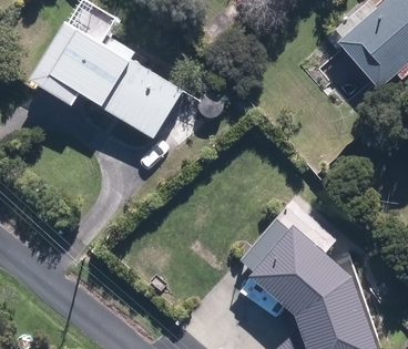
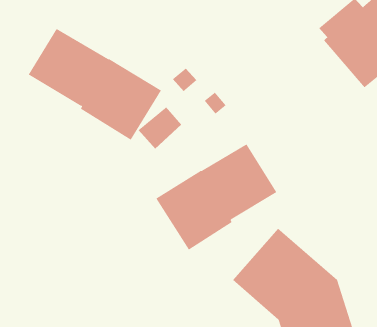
building: none -> [156,143,277,251]

